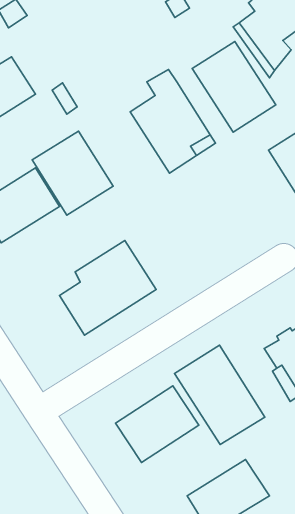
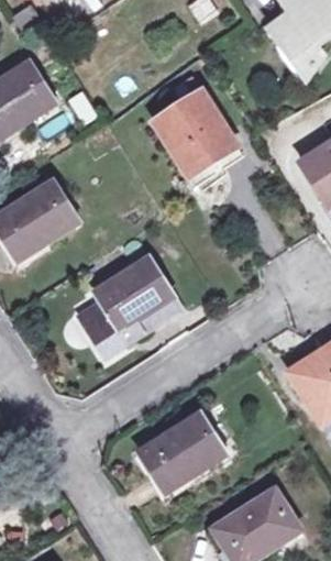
building: [192,41,276,132] -> none
building: [32,131,113,215] -> none
building: [174,345,265,445] -> none

